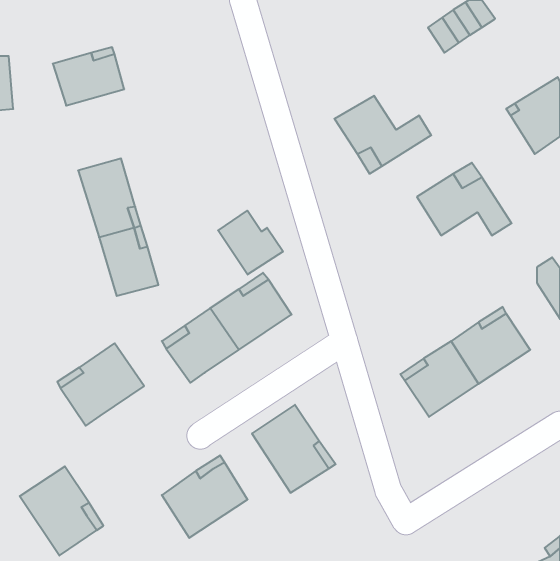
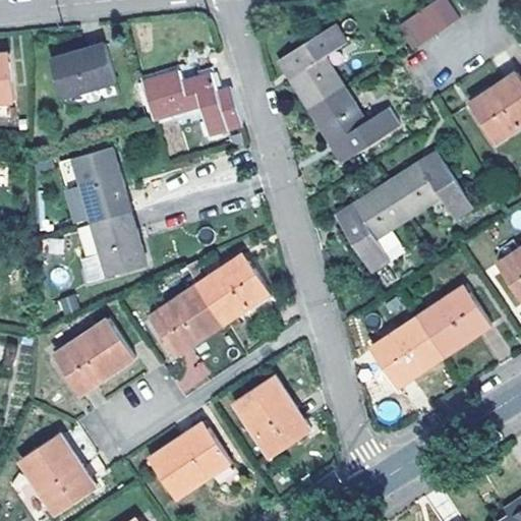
building: none -> [277,23,347,111]
building: none -> [141,72,240,134]
building: none -> [336,183,408,271]
building: [218,211,283,275] -> none

